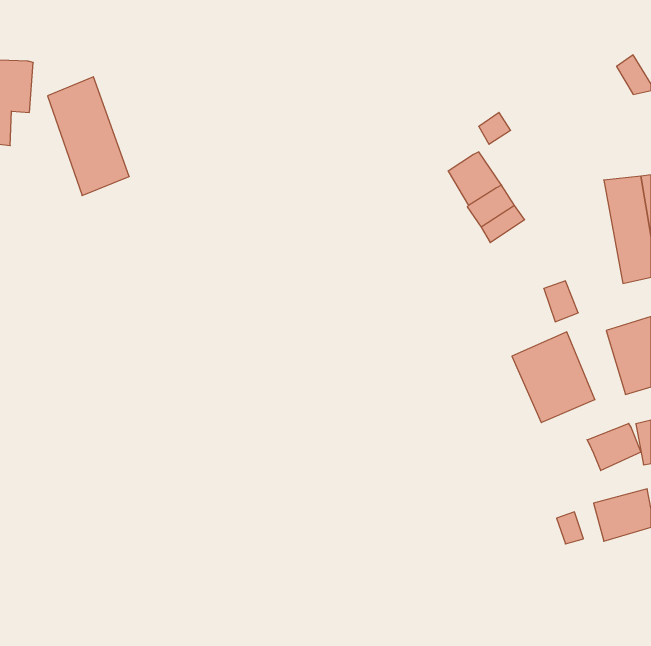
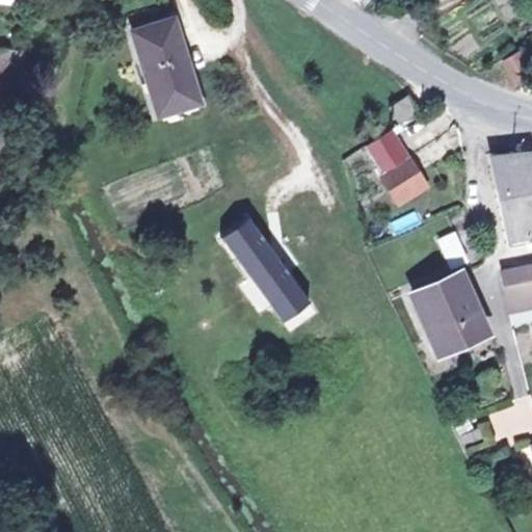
building: [48,77,129,196] -> [136,20,203,116]
building: none -> [222,218,313,322]
building: [587,423,641,471] -> none

